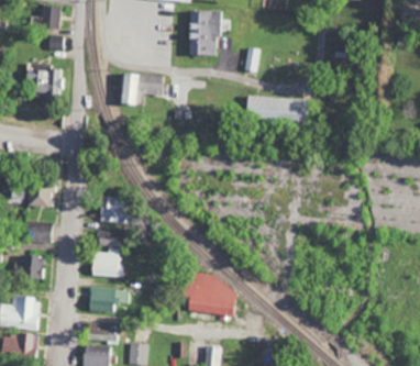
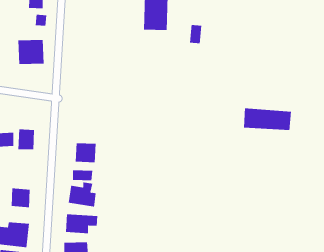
building: [120,73,163,104] -> none
building: [245,95,307,123] -> [243,108,292,131]
building: [26,220,54,242] -> none
building: [186,275,237,314] -> none

